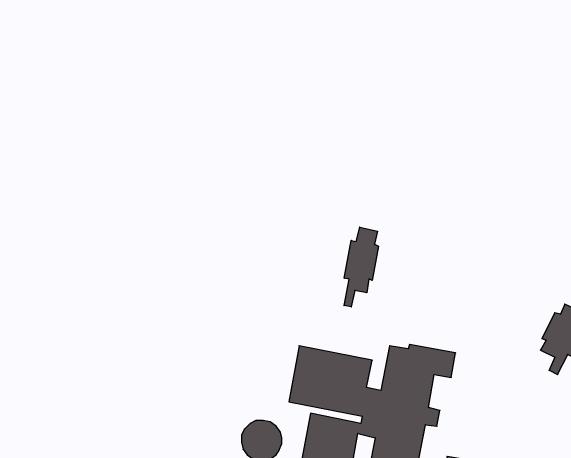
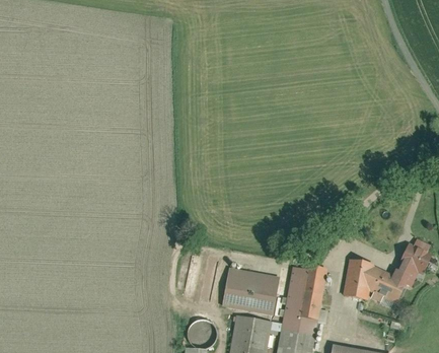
building: [344,227,378,307] -> none
building: none -> [343,258,409,305]

